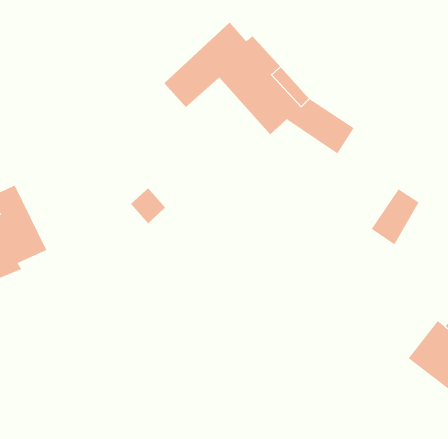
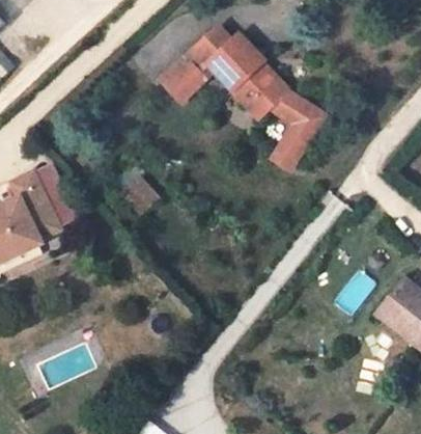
building: [371,188,420,245] -> [273,126,315,175]

